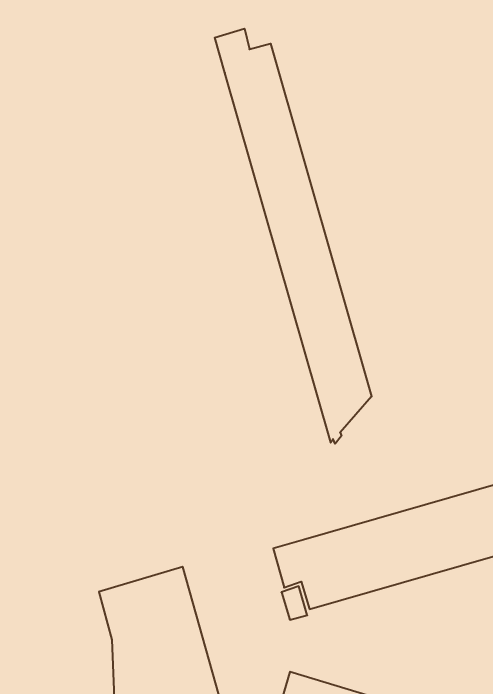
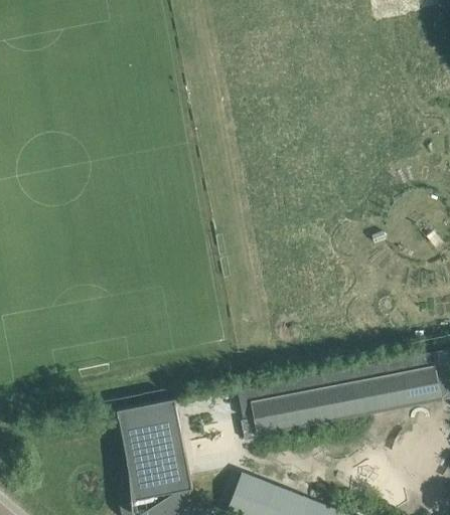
building: [215,29,372,444] -> none

